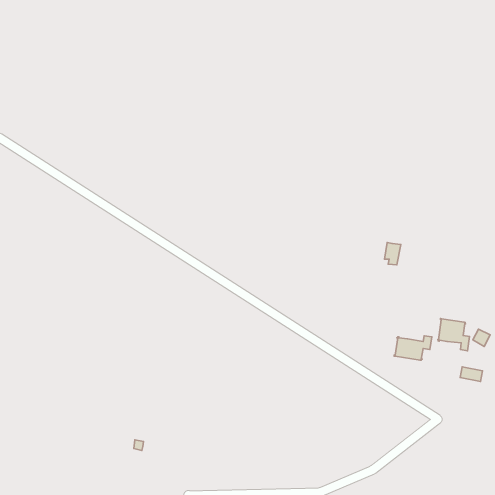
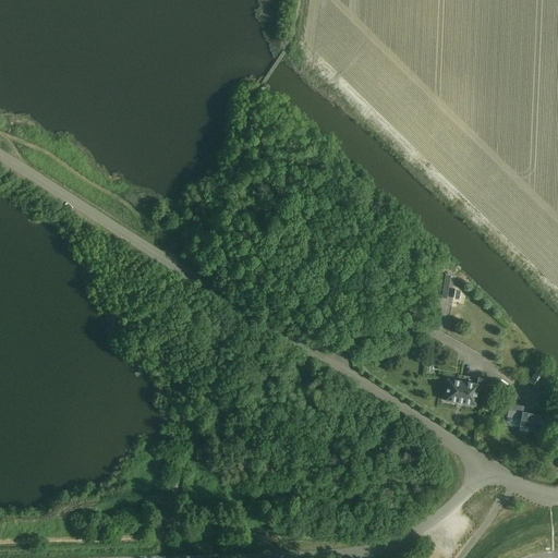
building: [438,319,469,351] -> none

